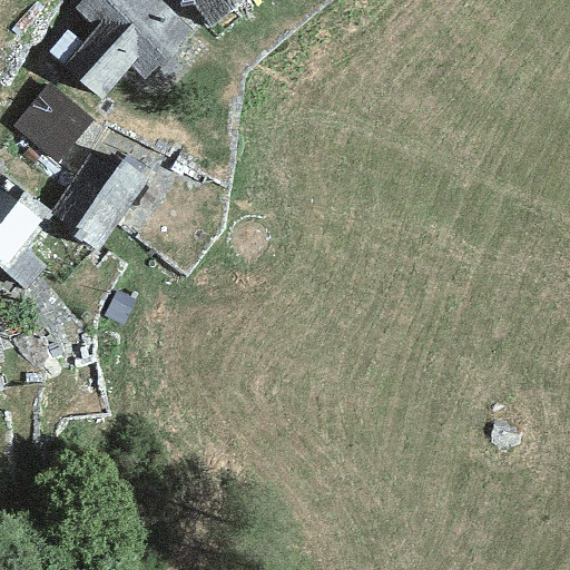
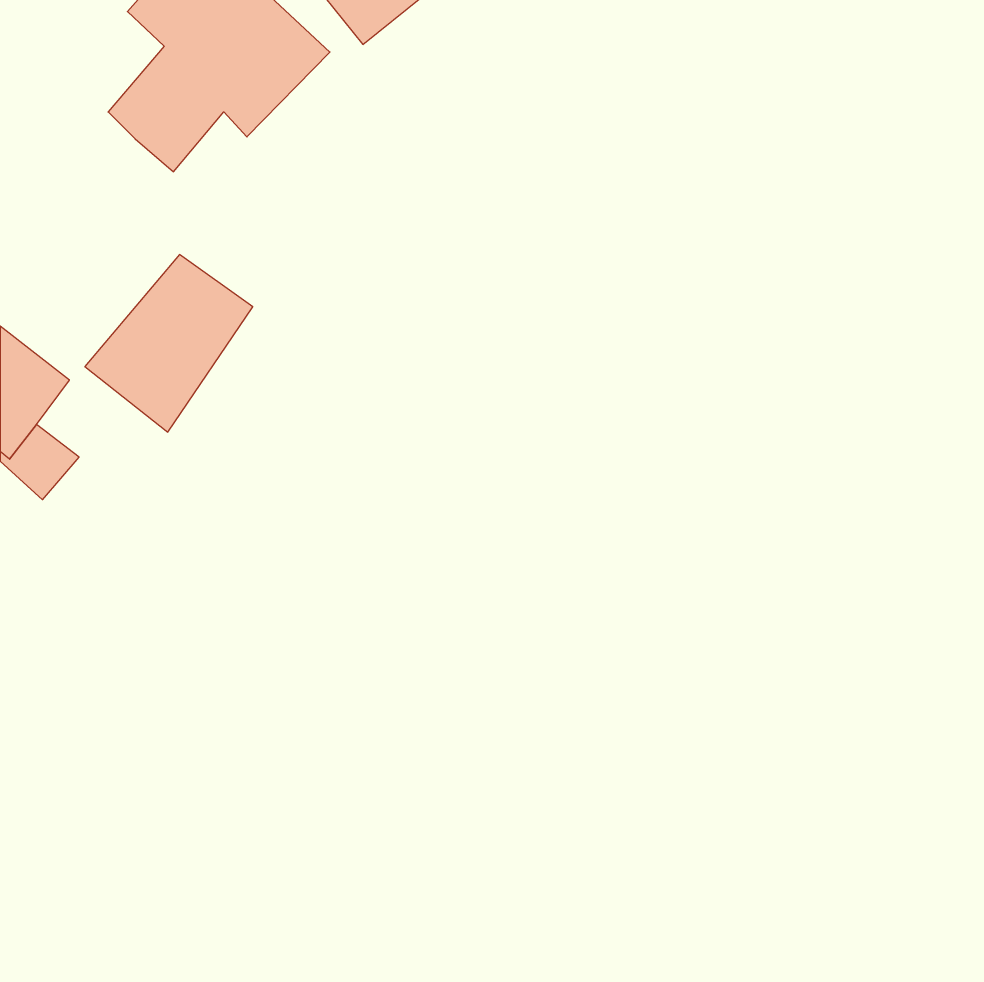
building: [13,81,104,176] -> none

